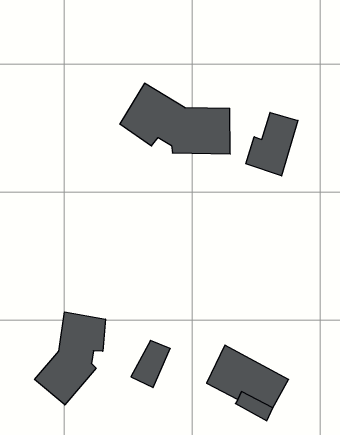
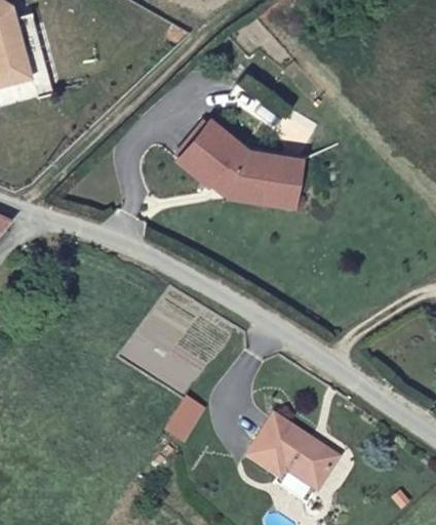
building: [246,112,298,176] -> none
building: [35,312,105,405] -> none

